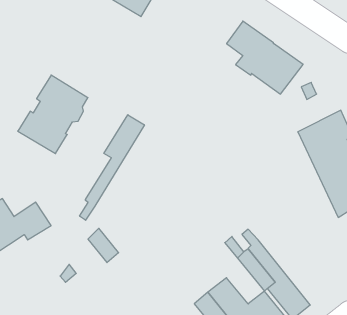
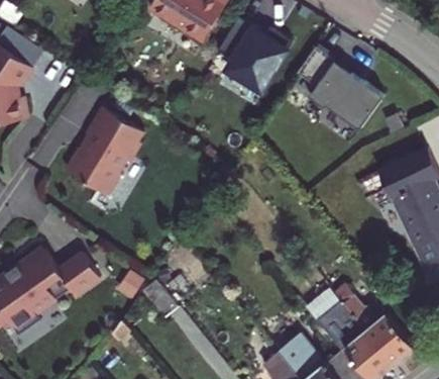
building: none -> [219,28,288,99]
building: [80,115,144,220] -> none
building: none -> [334,283,415,365]

